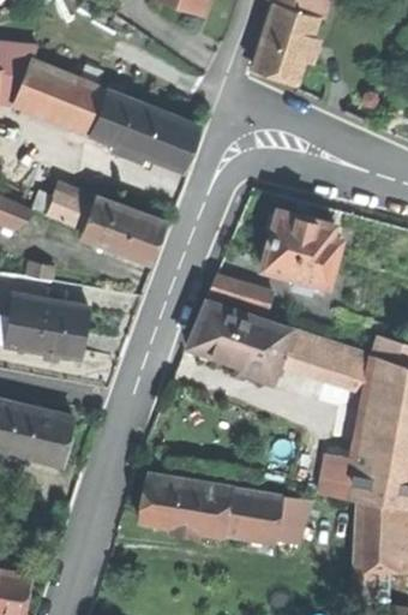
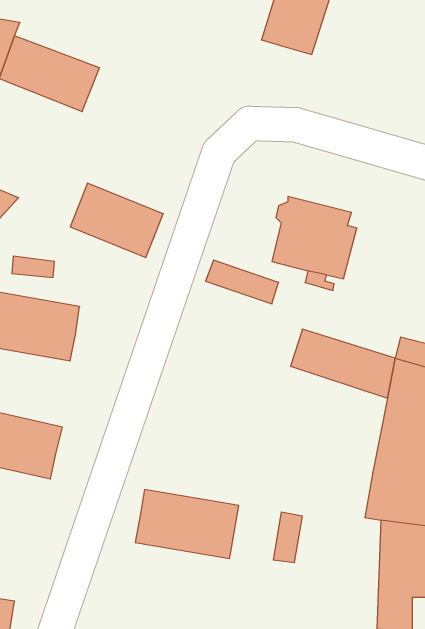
building: [90,91,197,171] -> none
building: [47,190,96,231] -> none
building: [188,299,290,377] -> none
building: [320,454,354,500] -> none
building: [226,489,271,538] -> none

